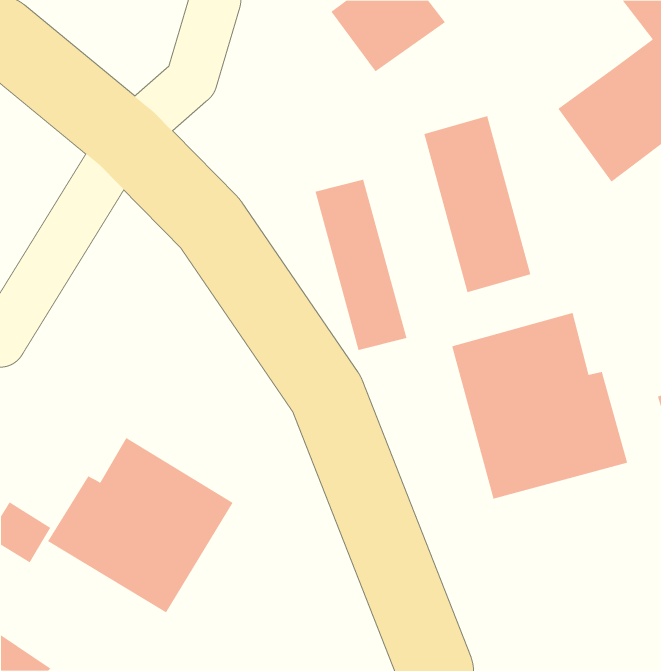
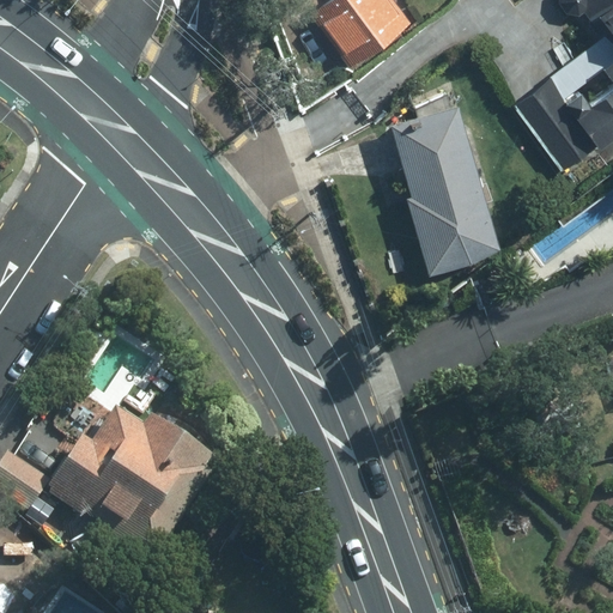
building: [315,179,407,351] -> none
building: [451,312,628,500] -> none

